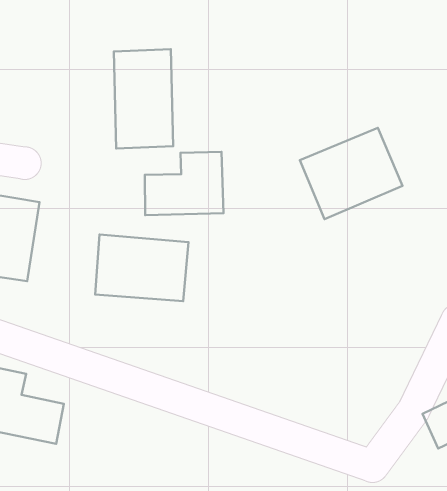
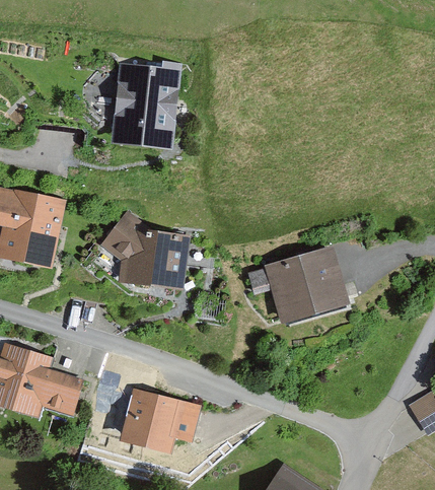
building: [300,128,402,219] -> [269,246,362,329]
building: [145,152,224,215] -> none
building: none -> [121,388,194,445]

